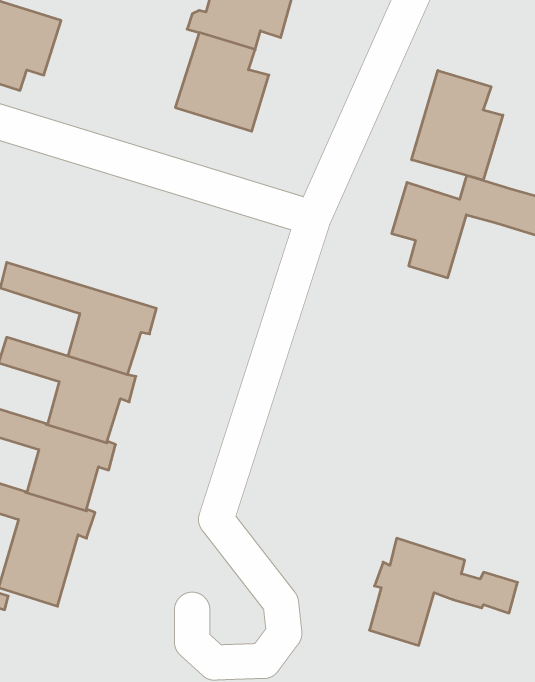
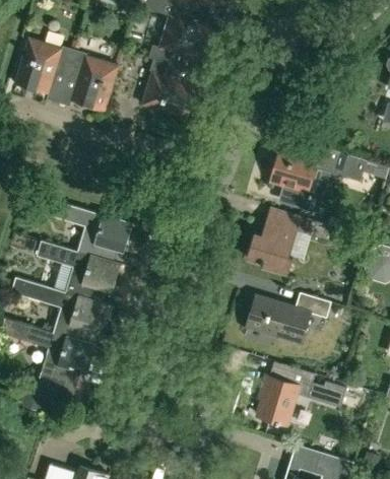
building: none -> [63,52,118,110]
building: [412,70,503,180] -> none
building: none -> [246,209,310,274]
building: none -> [246,292,330,342]

